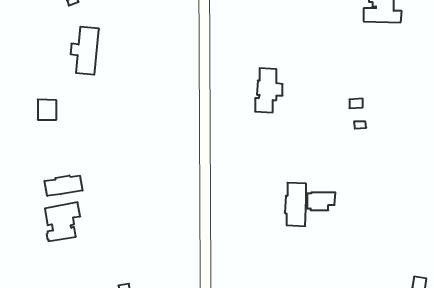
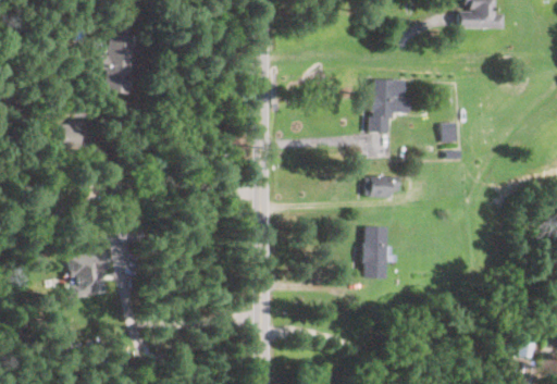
building: [255,68,283,112] -> [369,78,403,133]
building: [45,175,83,196] -> none
building: [307,192,335,210] -> [366,175,400,197]

